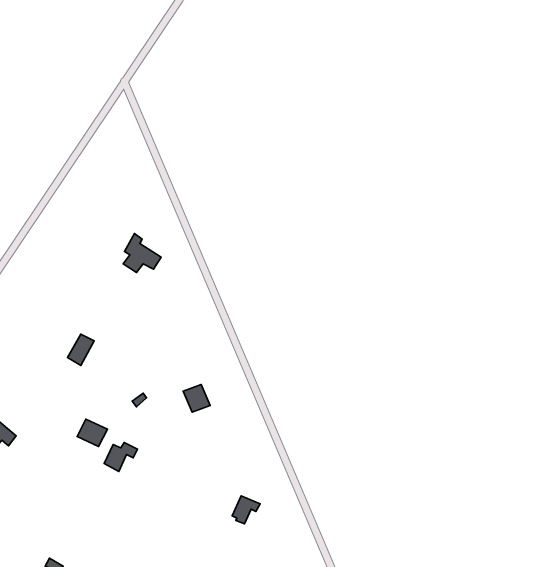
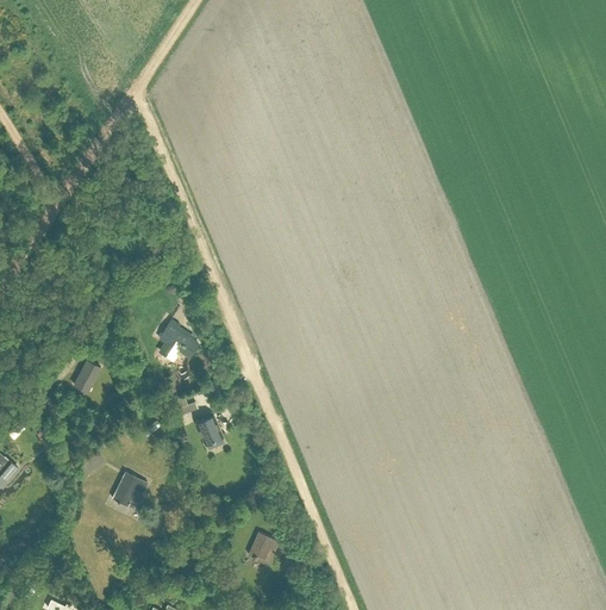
building: [123,234,161,273] -> [158,319,199,361]
building: [77,419,107,447] -> none

